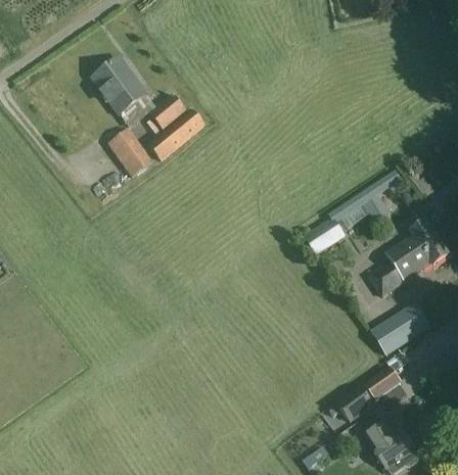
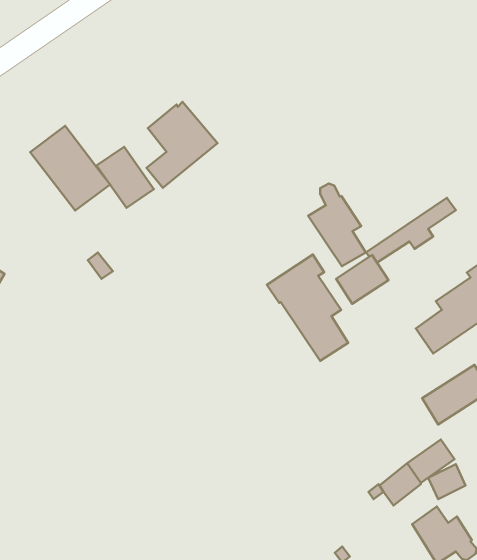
building: [91,56,156,126] -> [30,126,110,211]
building: none -> [308,184,366,266]
building: none -> [267,255,348,361]

